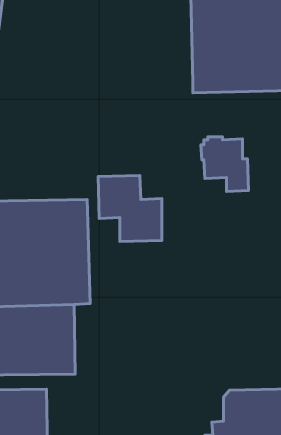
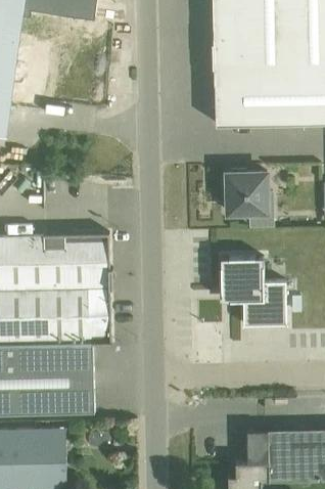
building: [98,176,162,241] -> [220,258,285,325]

